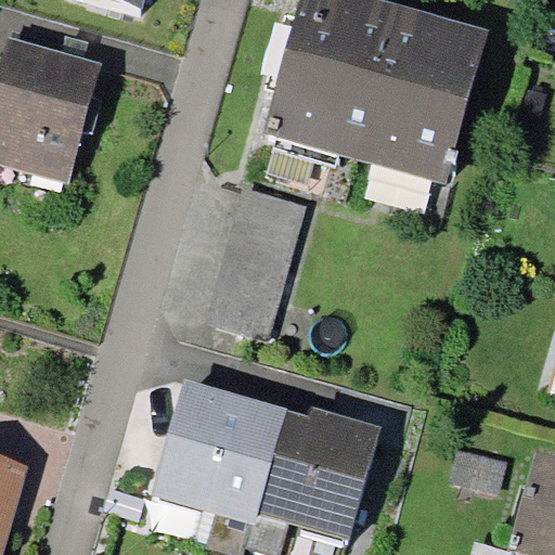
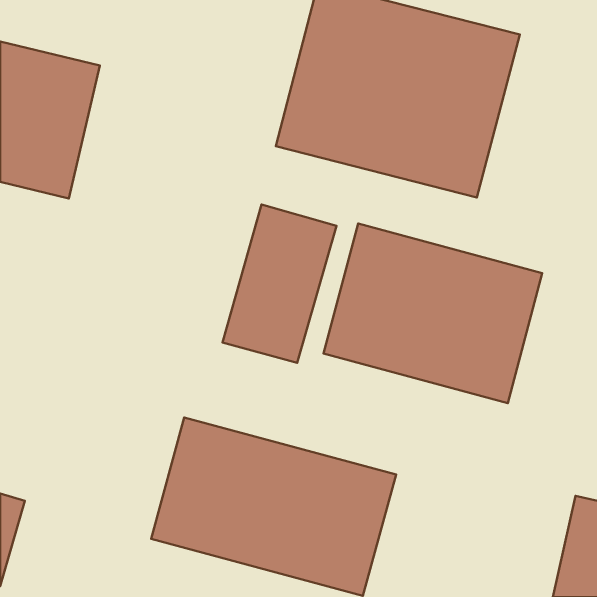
building: none -> [323,223,542,403]

